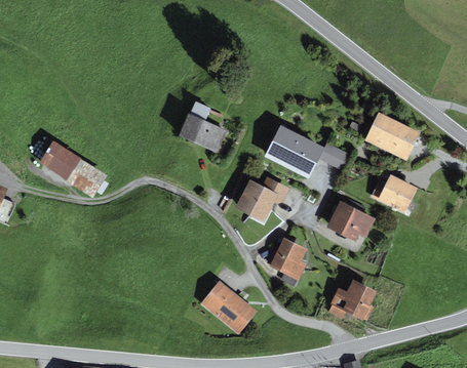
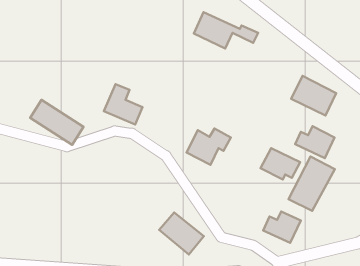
building: [178,101,226,152] -> [104,84,143,124]
building: [266,128,346,173] -> [194,12,258,48]
building: none -> [289,156,335,211]
building: [268,238,306,281] -> none

